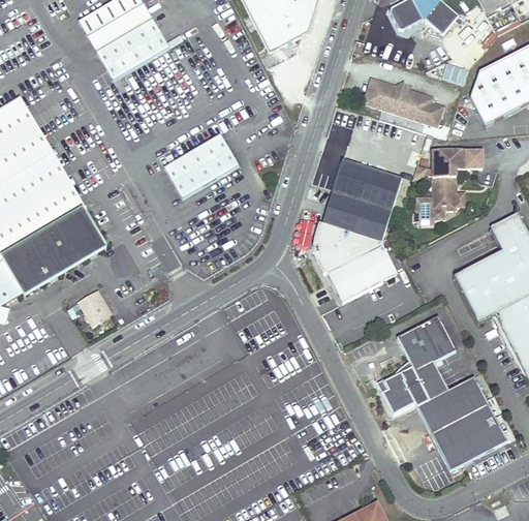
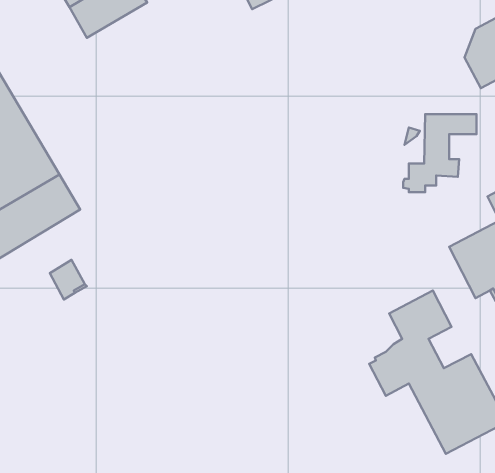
building: [363,78,442,125] -> none
building: [163,132,239,196] -> none
building: [314,159,402,302] -> none

